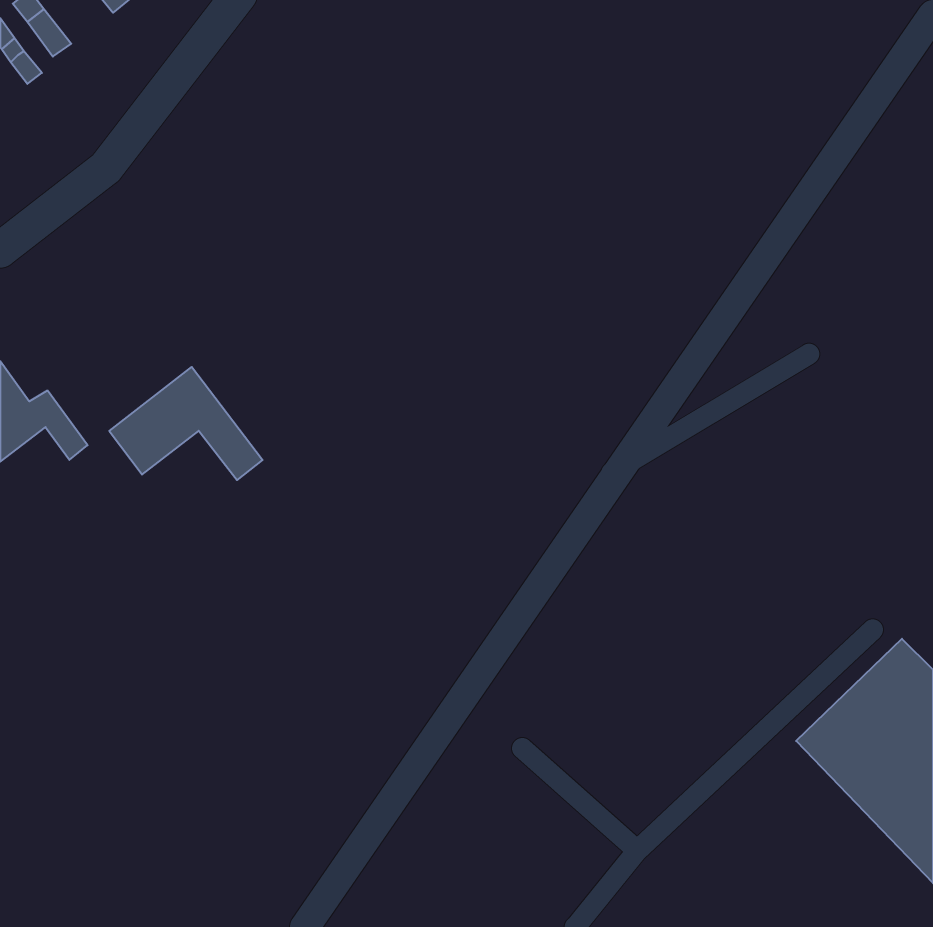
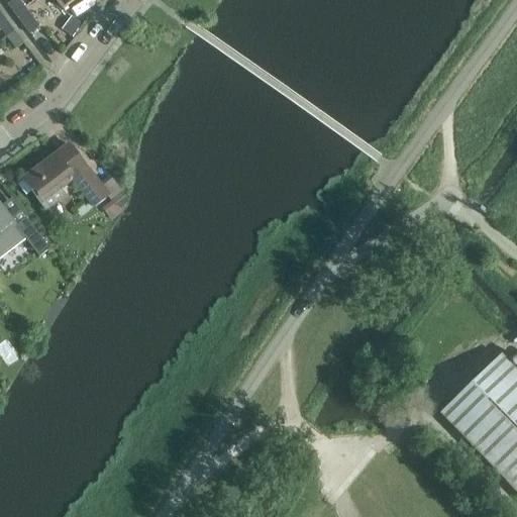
building: [109,367,263,480] -> [22,141,107,204]

